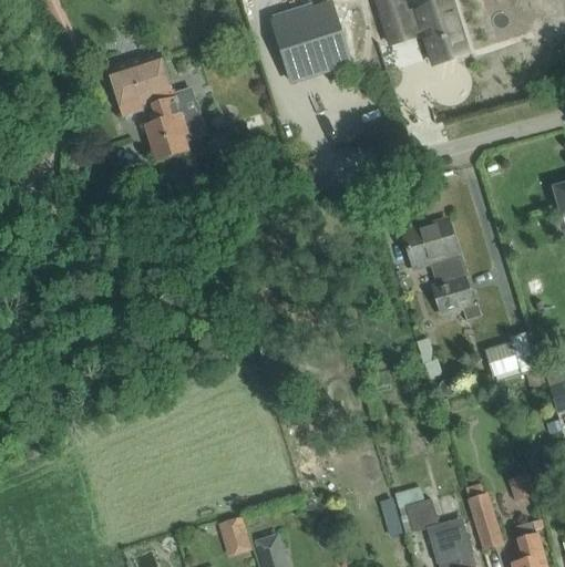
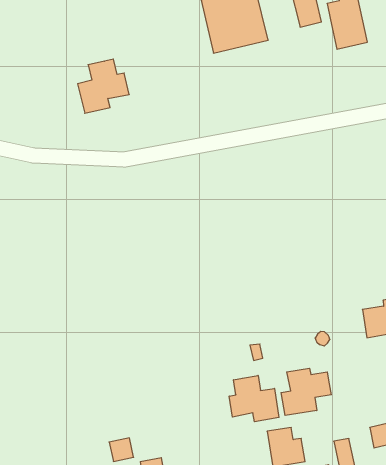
building: [107,52,173,116] -> none
building: [402,219,480,320] -> none
building: none -> [281,368,331,415]
building: none -> [229,375,279,422]

